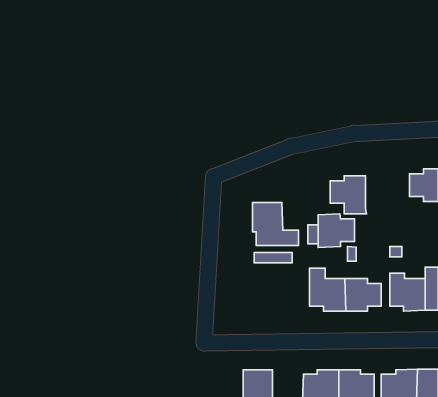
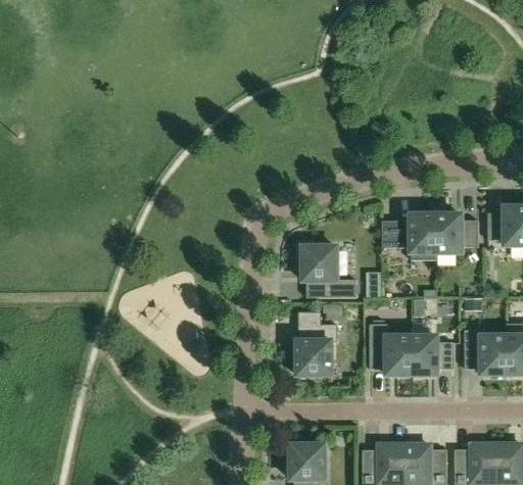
building: [318,214,354,247] -> [436,213,479,253]
building: none -> [297,324,338,375]

